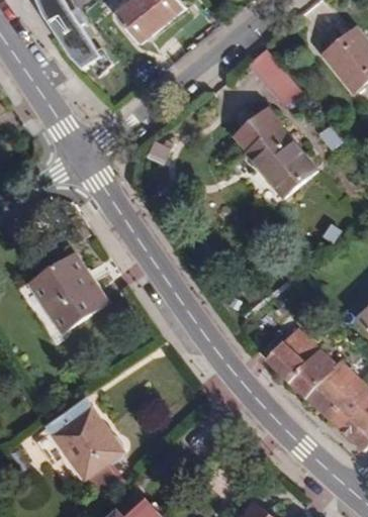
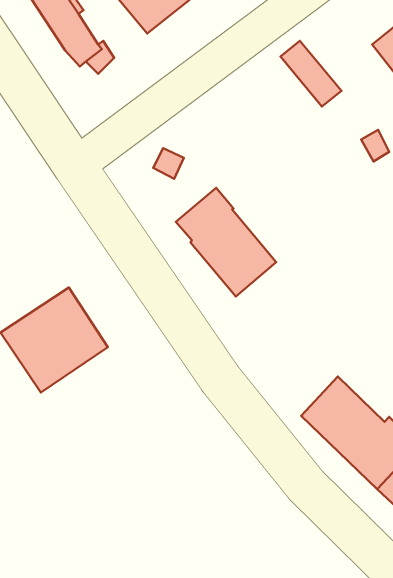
building: [236,107,318,197] -> [176,188,276,296]
building: [54,401,120,479] -> none

